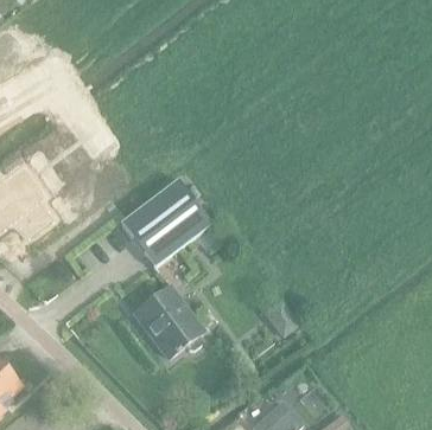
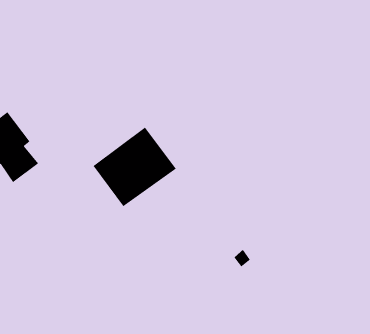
building: [135,285,202,357] -> none

